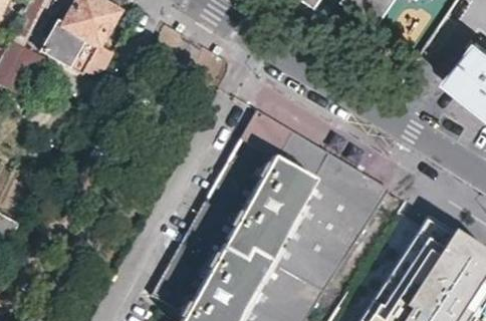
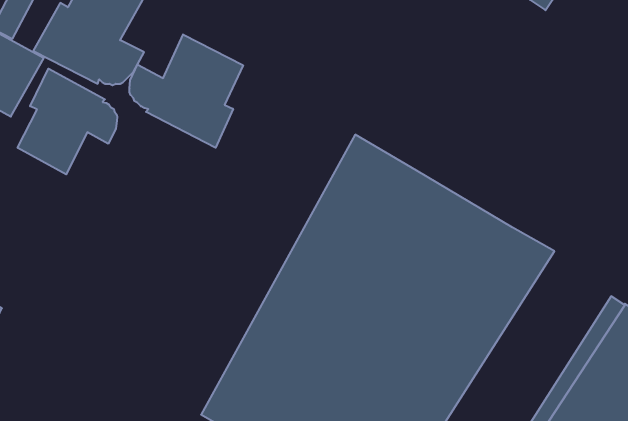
building: none -> [129,34,243,148]
building: none -> [18,69,117,174]

